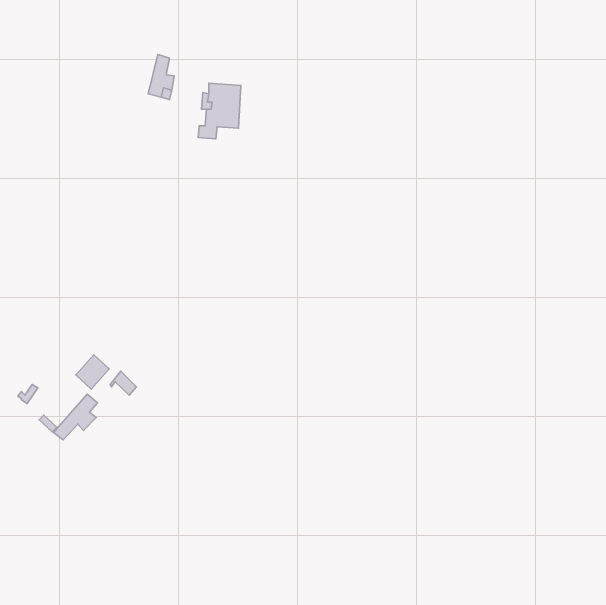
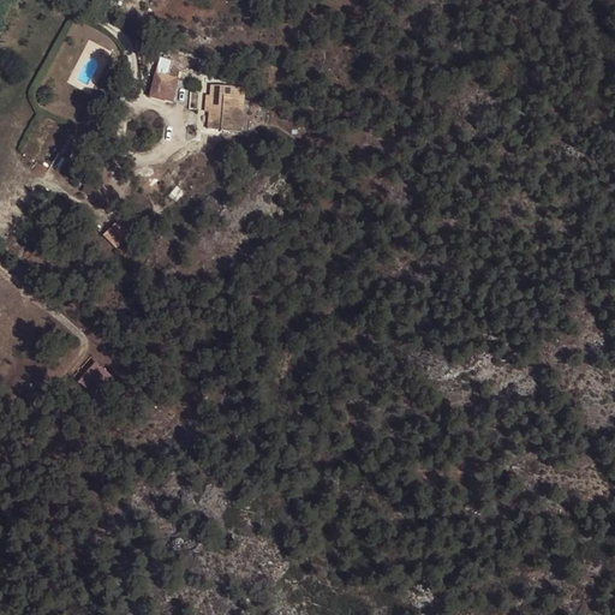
building: [53,394,98,440] -> none

